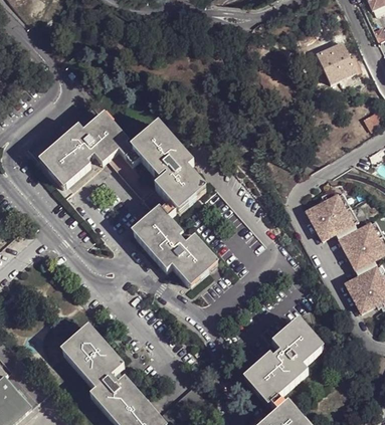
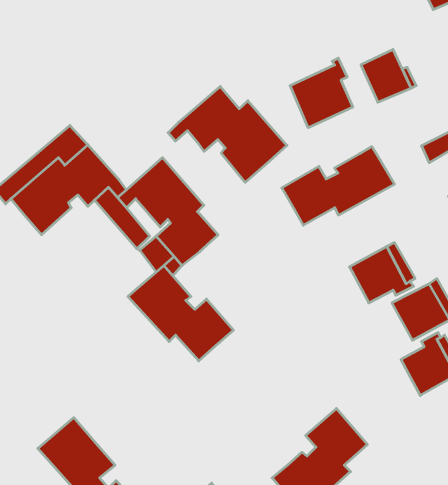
building: none -> [290,58,353,128]
building: none -> [168,86,287,182]
building: none -> [282,147,394,225]

